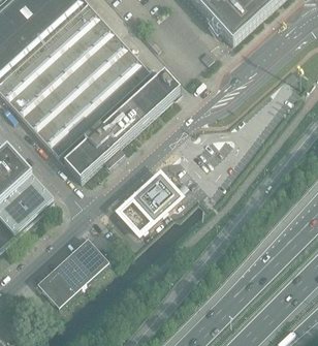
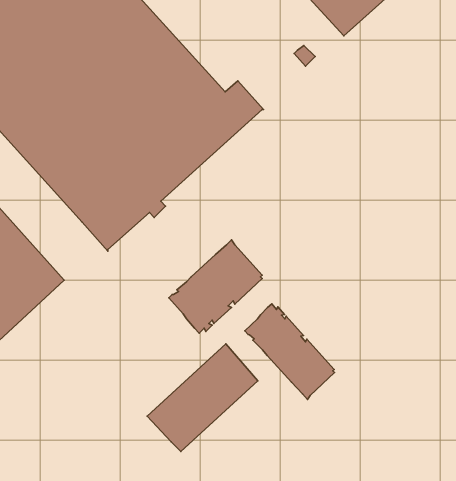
building: none -> [245,304,334,399]
building: [37,238,108,307] -> [147,344,258,451]

